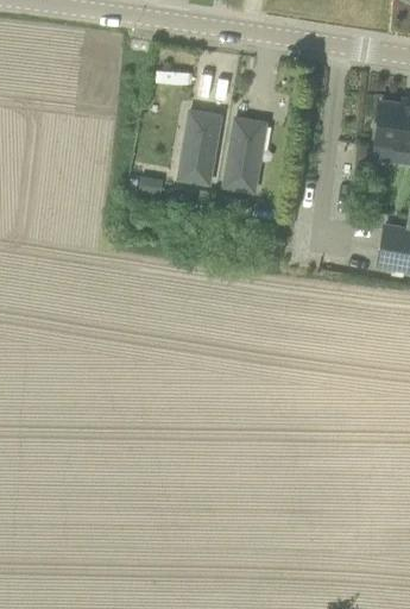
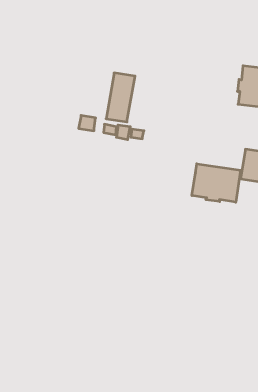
building: [223,119,265,193] -> none
building: none -> [192,164,241,202]

